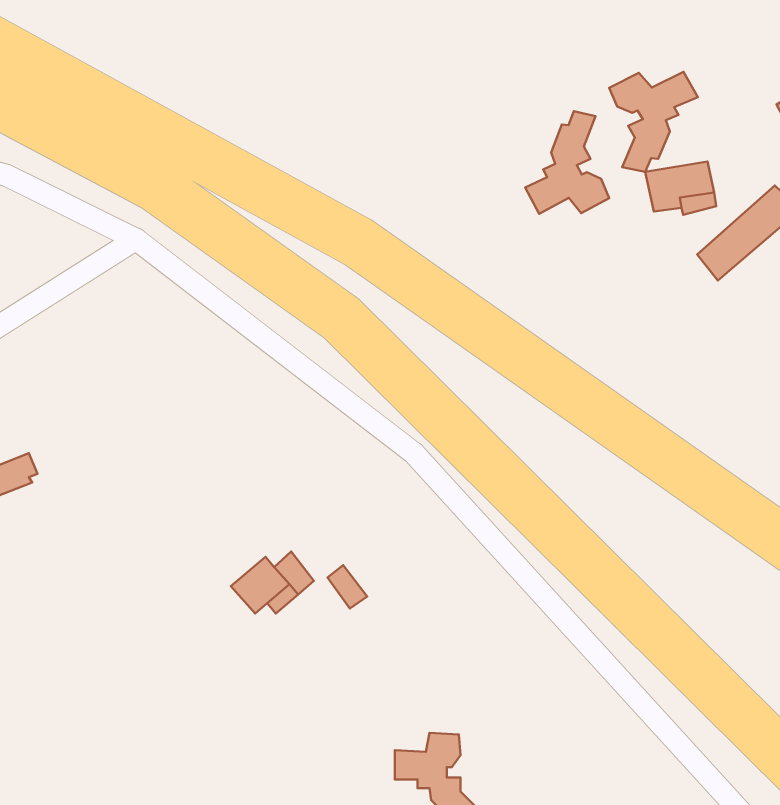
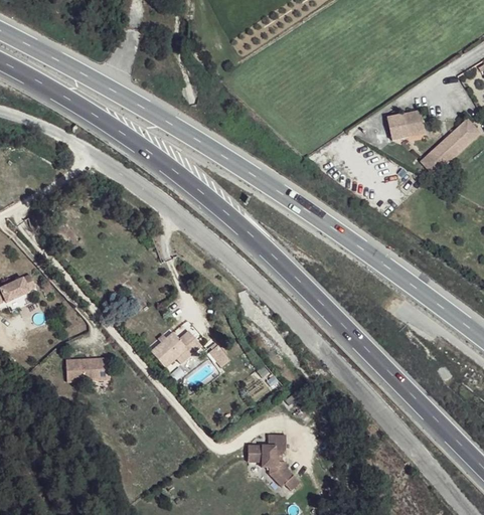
building: [609,72,698,172] -> none
building: [525,111,609,214] -> none
building: none -> [64,357,109,380]

